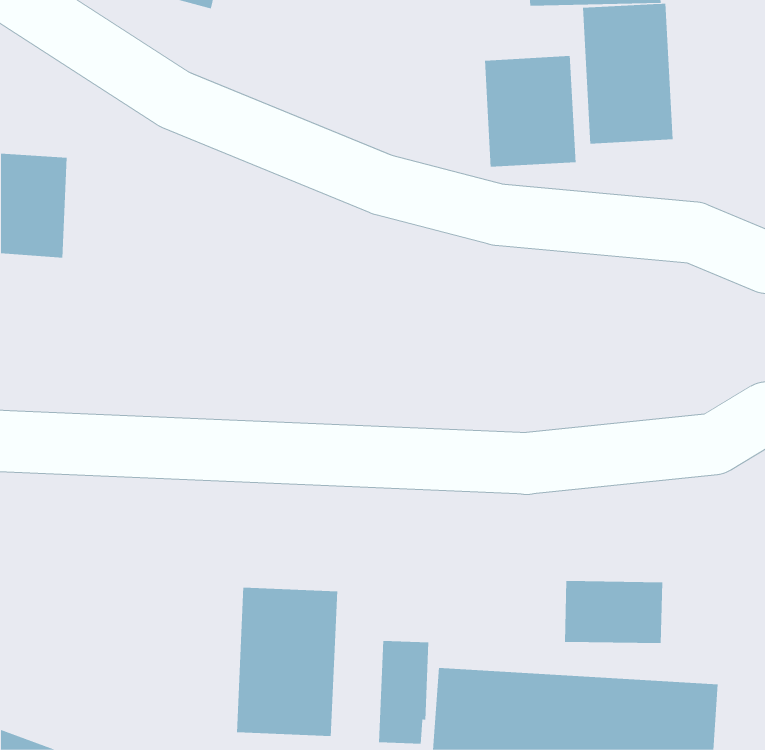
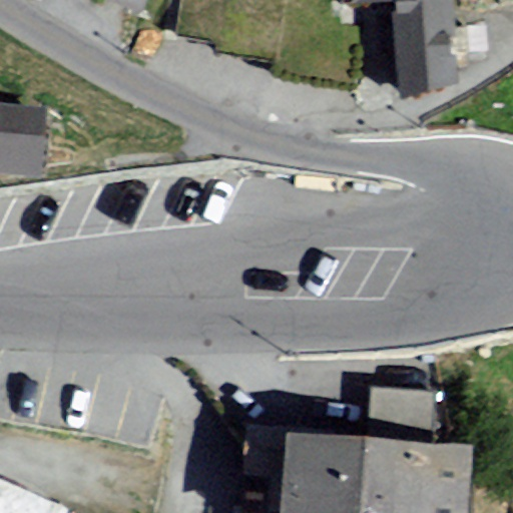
building: [484,55,576,168] -> none
building: [236,587,338,737] -> none

